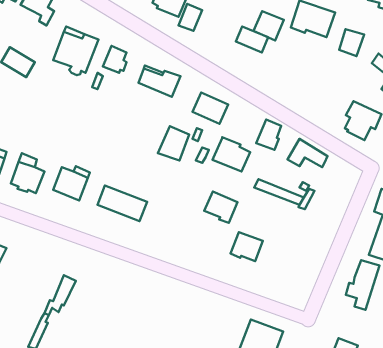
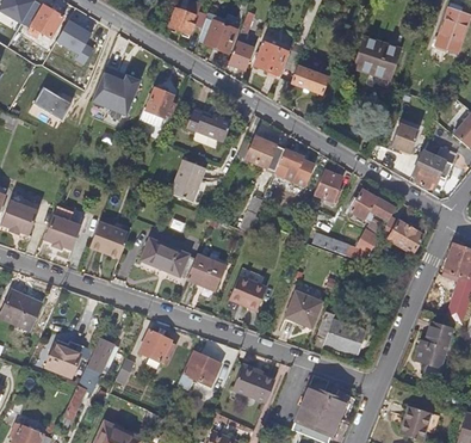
building: [254,11,284,40] -> [253,41,286,73]
building: [339,29,364,56] -> [391,121,419,150]
building: [158,126,189,161] -> [171,158,205,196]
building: [212,137,250,172] -> [273,148,315,186]
building: none -> [378,214,422,253]
building: [204,191,238,223] -> [230,271,267,306]
building: none -> [186,253,223,289]
building: none -> [318,309,366,355]
building: none -> [140,332,176,364]
building: none -> [42,342,76,374]
building: none -> [169,351,218,407]
building: none -> [231,363,274,402]

